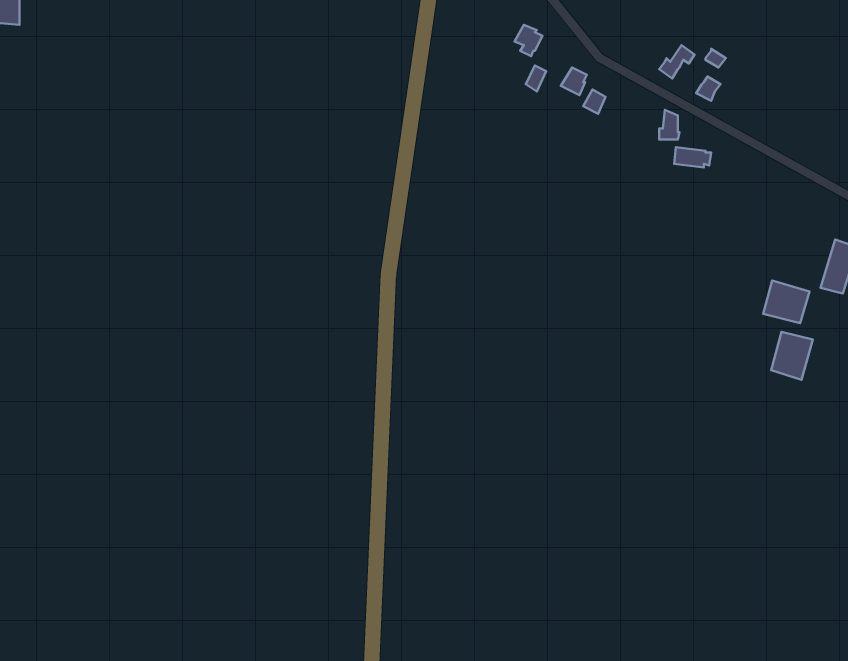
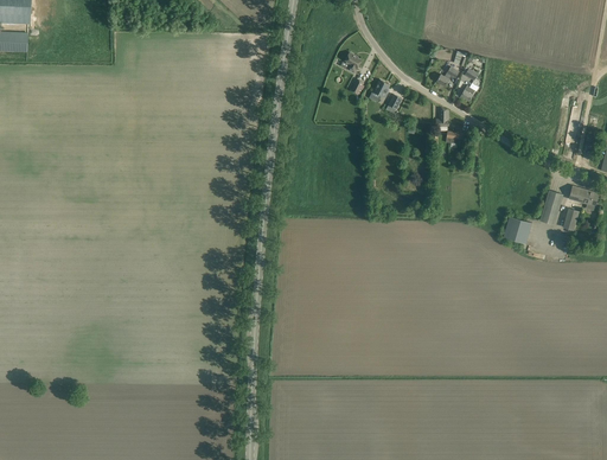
building: [771,332,813,380] -> none

